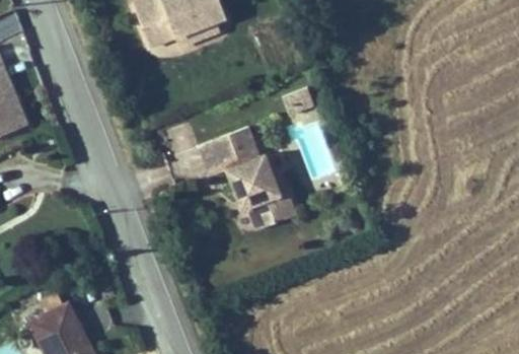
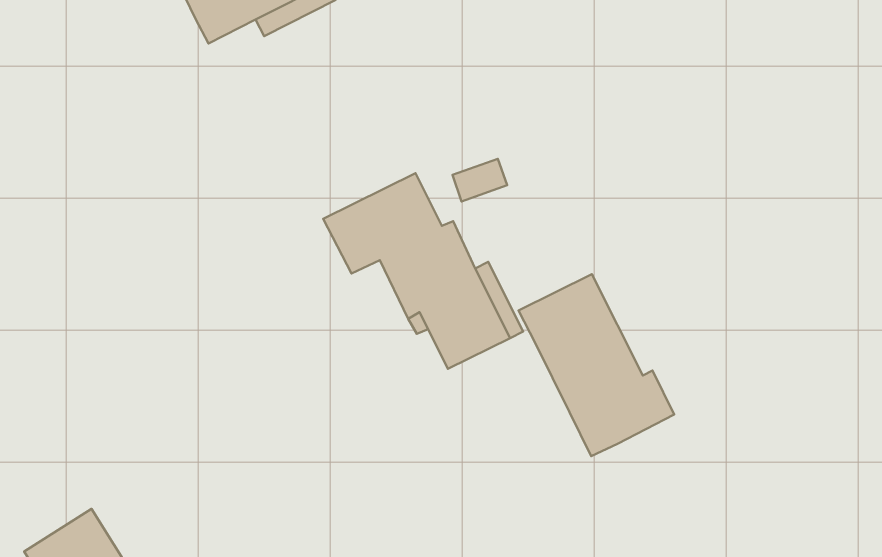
building: none -> [519,274,674,456]

